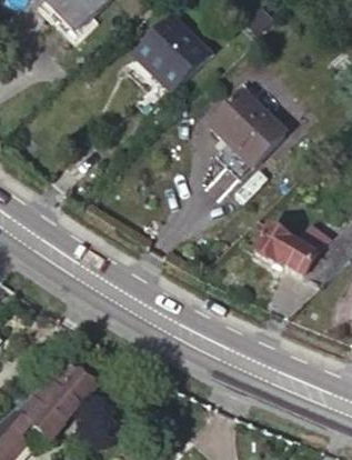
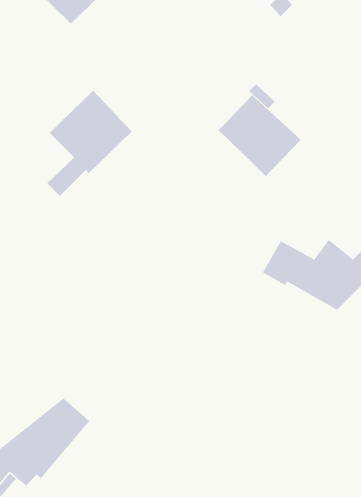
building: [132,14,210,111] -> [46,90,132,197]

